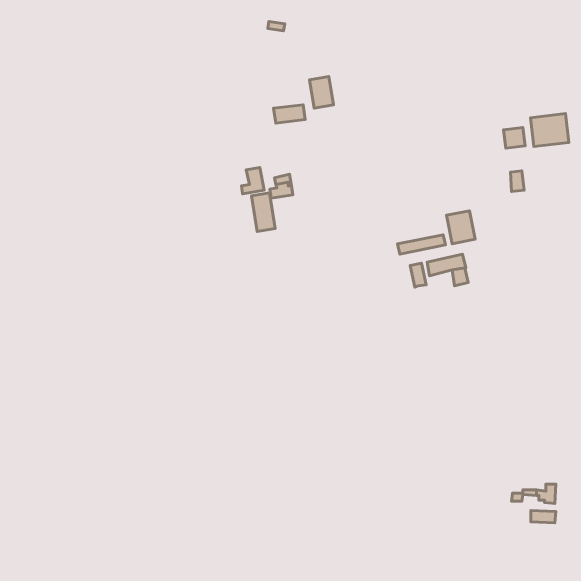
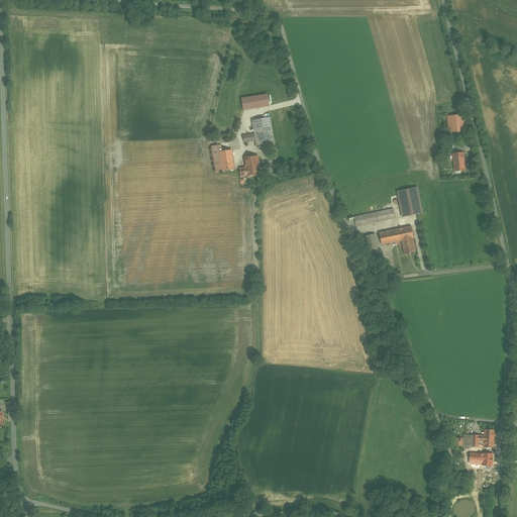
building: [310,76,333,108] -> [251,116,273,144]
building: [530,114,569,146] -> none
building: [251,193,275,232] -> none

